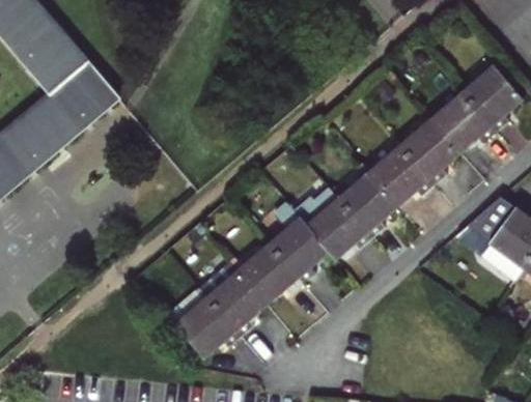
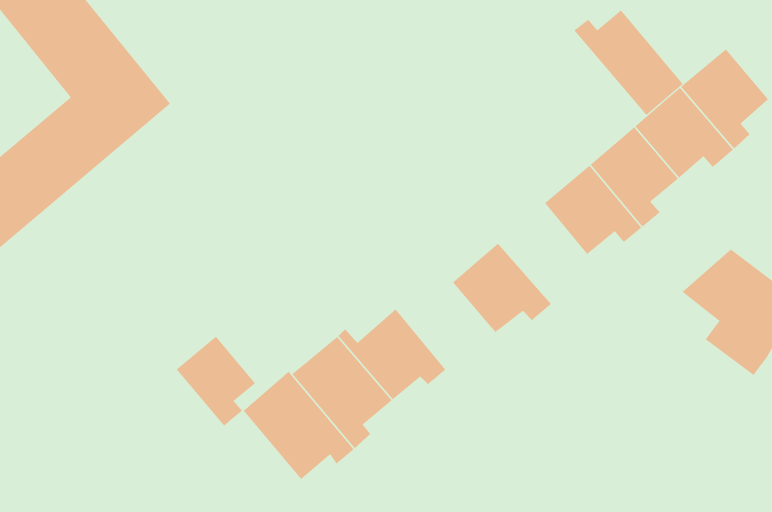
building: none -> [573,10,683,116]
building: [340,167,400,235] -> none
building: [271,212,332,280] -> none
building: none -> [176,336,256,426]

